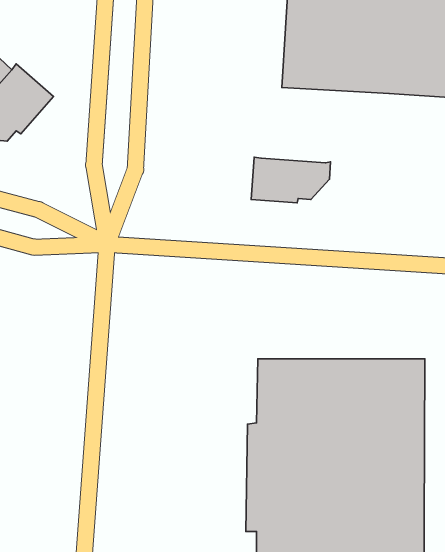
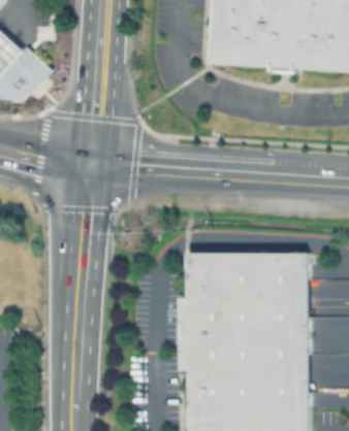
building: [251,157,331,203] -> none

